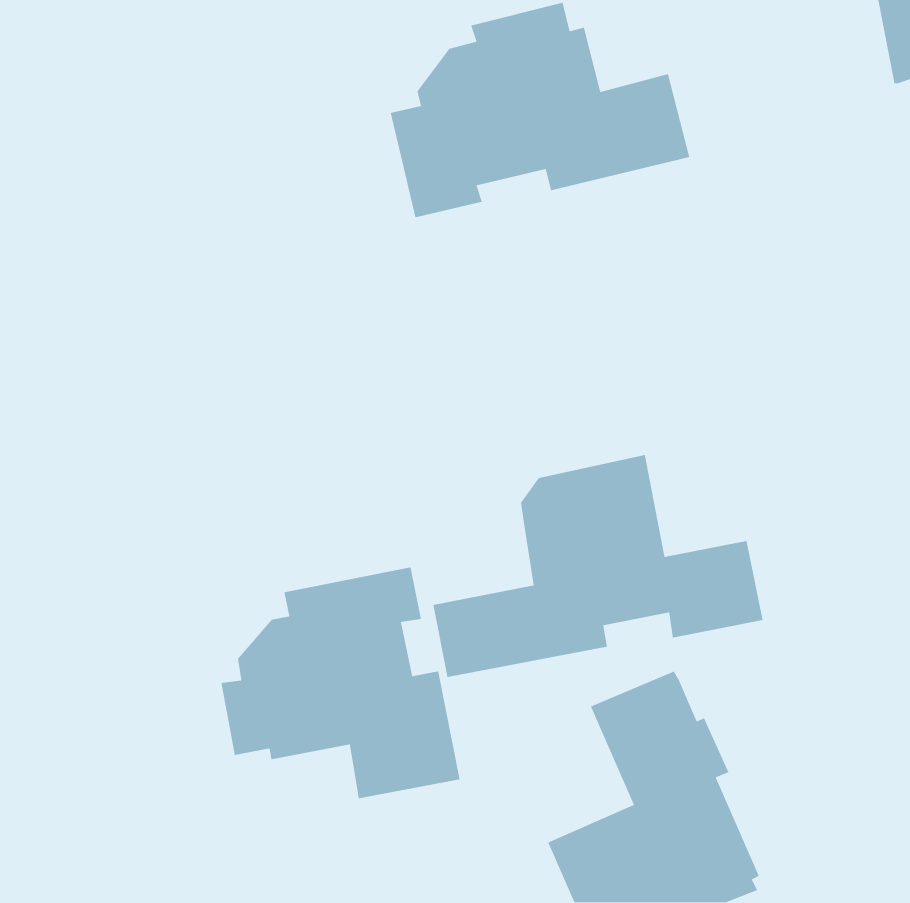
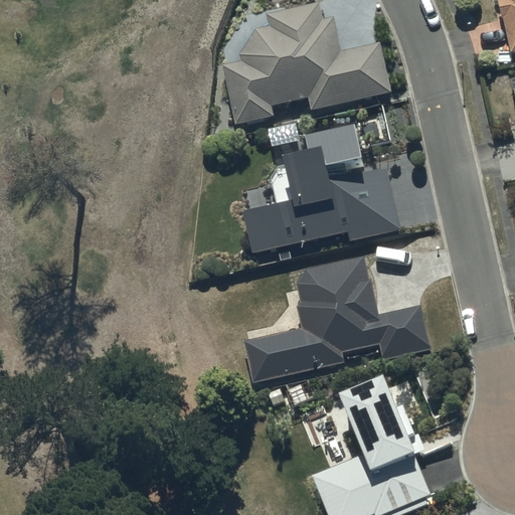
building: none -> [245,129,404,250]
building: [221,566,460,799] -> none

